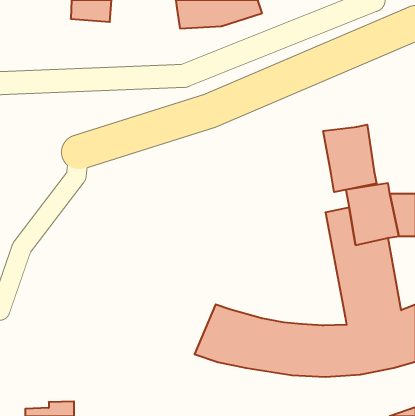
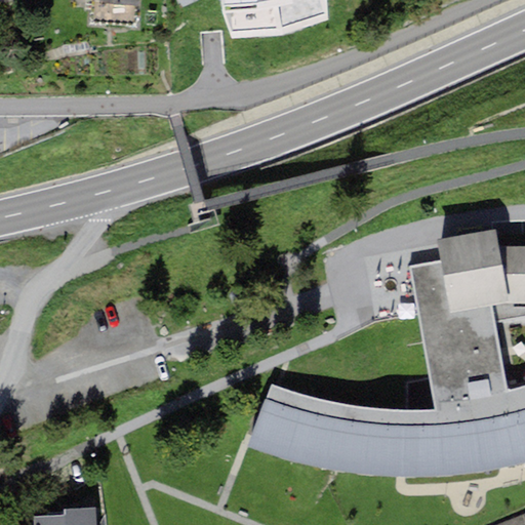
building: [323,125,376,192] -> none

